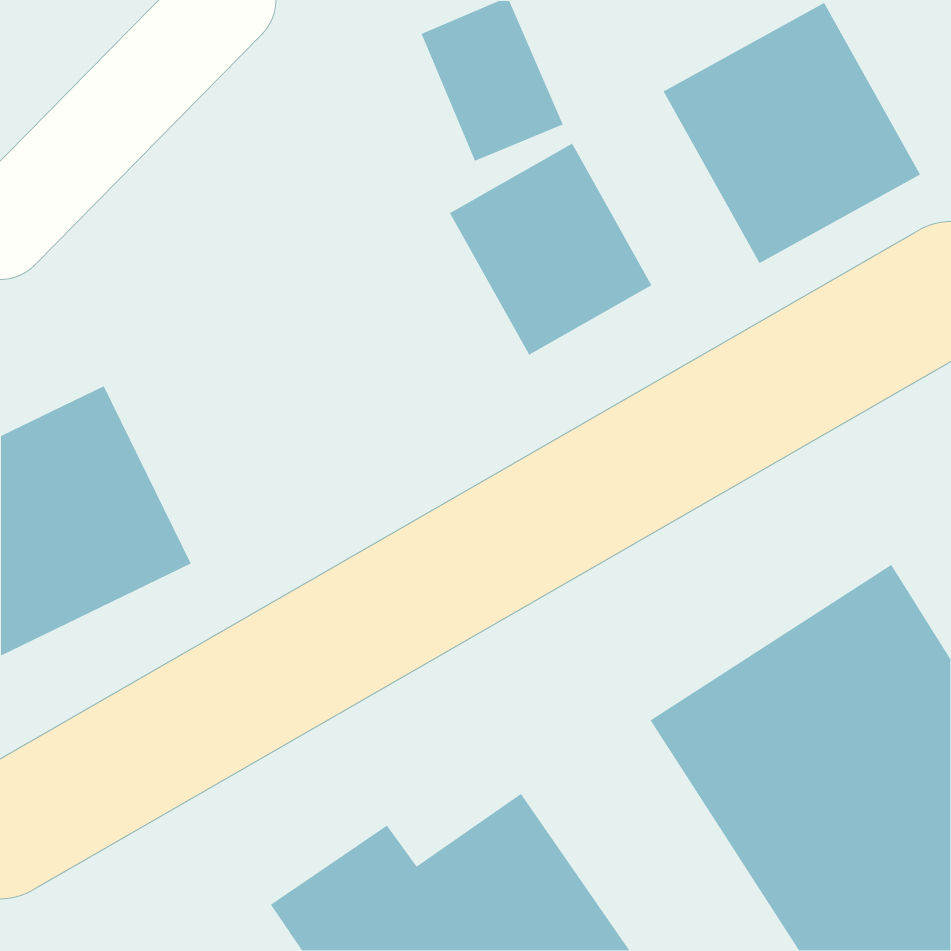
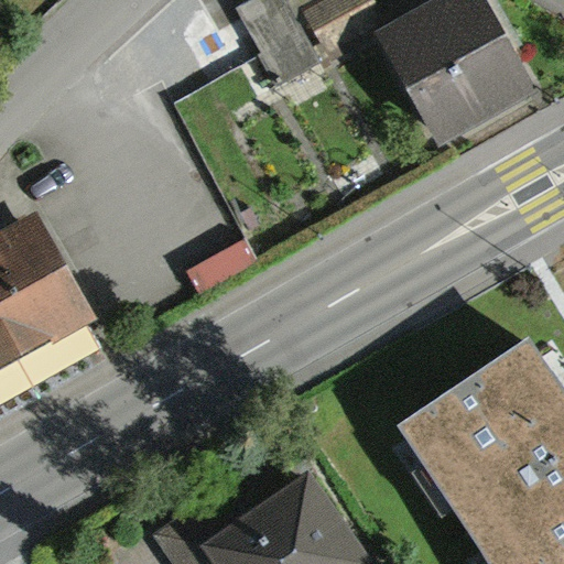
building: [449,142,653,356] -> none

